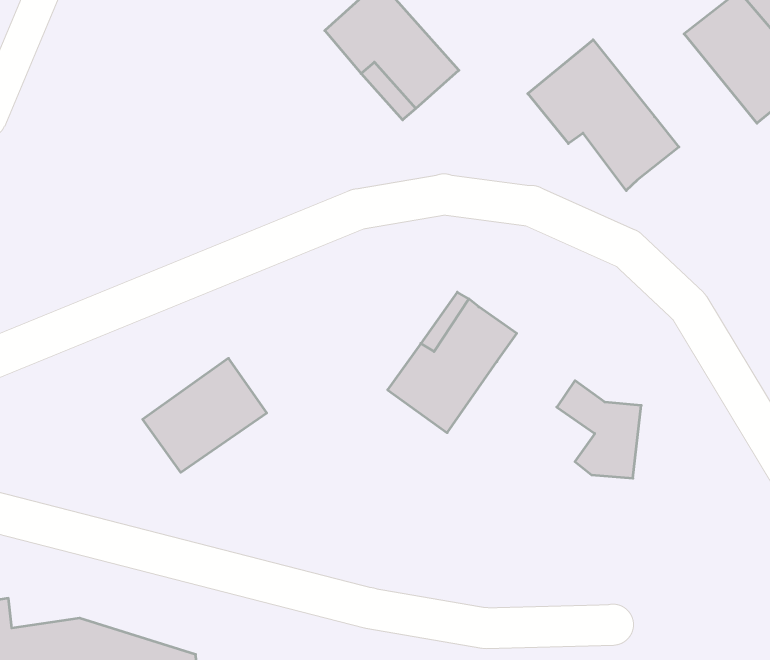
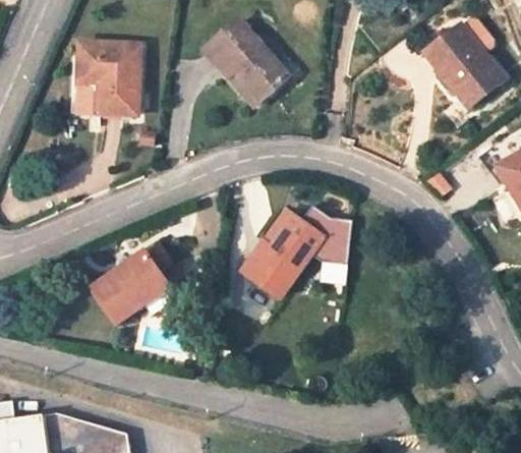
building: none -> [70,43,139,115]
building: [528,40,679,191] -> none
building: [557,381,641,478] -> [300,205,352,265]

